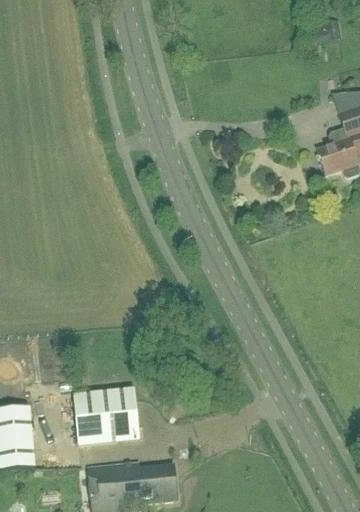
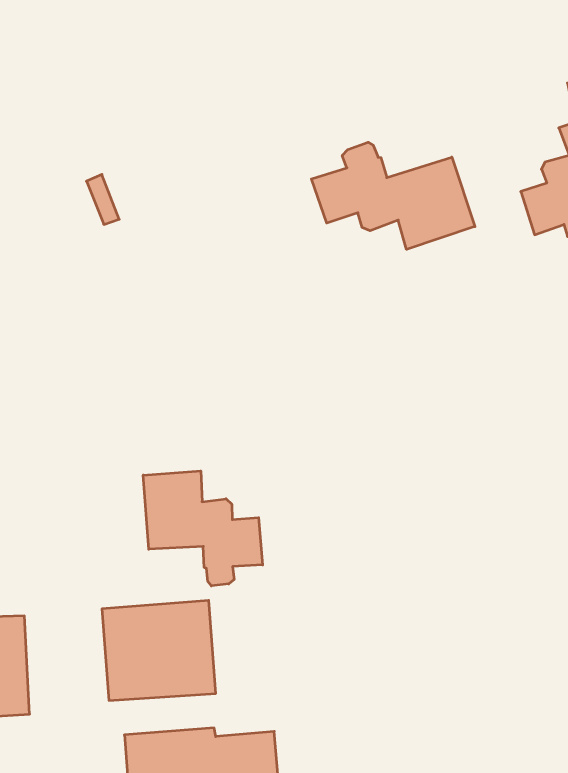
building: none -> [311,142,475,249]
building: none -> [143,471,263,586]

